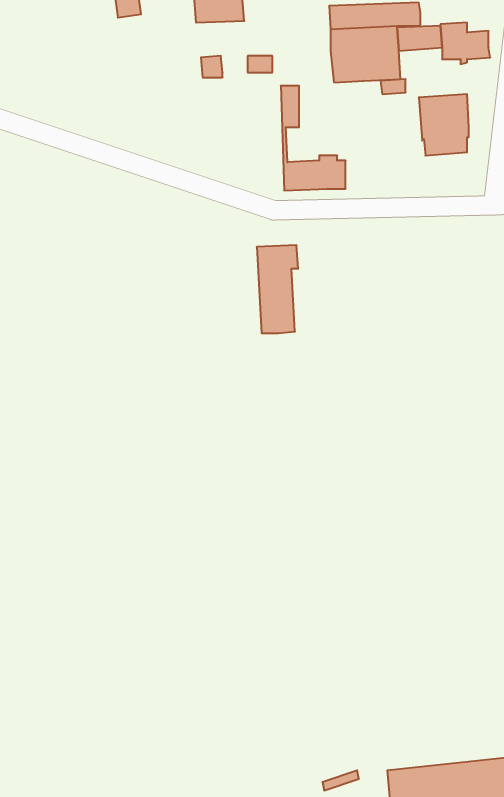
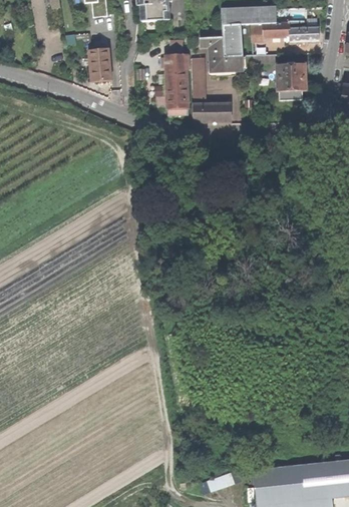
building: none -> [199,35,243,74]
building: none -> [89,45,113,78]
building: [257,245,298,333] -> [164,53,190,106]

